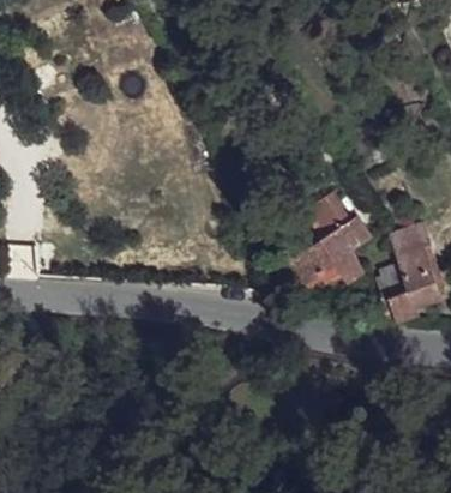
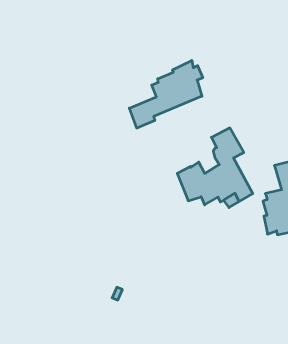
building: none -> [129,60,203,128]

